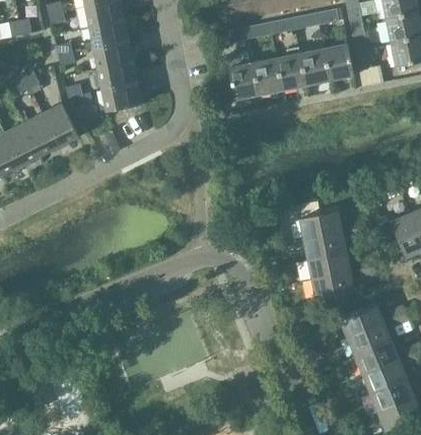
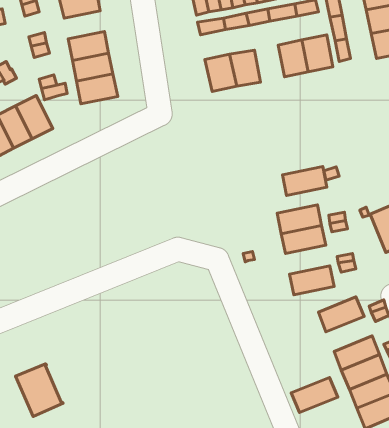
building: [89,20,129,48] -> none
building: [276,54,305,90] -> none
building: [306,251,350,279] -> [283,167,327,196]
building: [346,321,392,356] -> [291,377,338,413]

